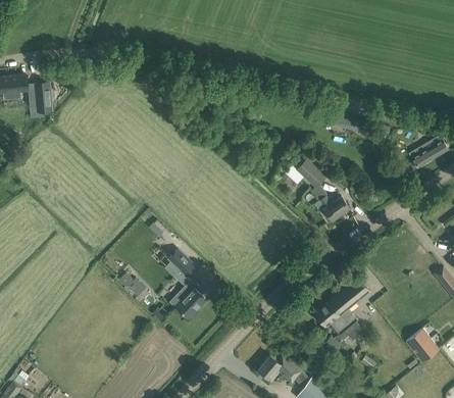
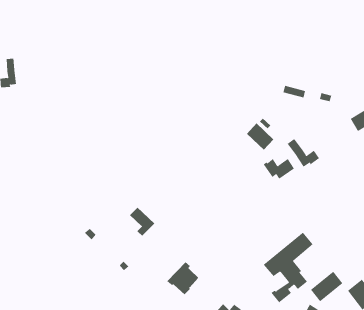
building: none -> [287,138,320,167]
building: [168,281,205,317] -> [167,262,200,295]
building: none -> [310,271,343,302]

